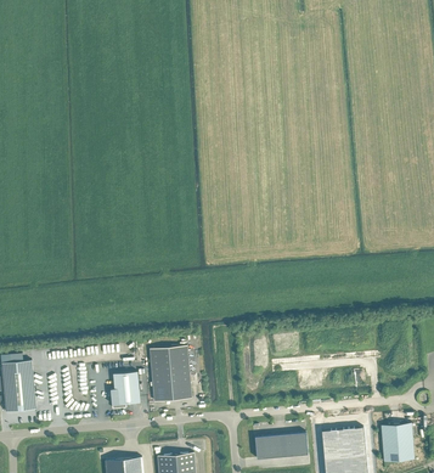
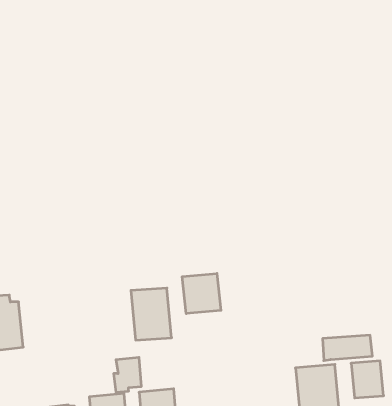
building: none -> [182,273,221,314]
building: [111,372,140,409] -> [114,357,141,392]
building: [255,433,308,460] -> [323,335,372,361]

